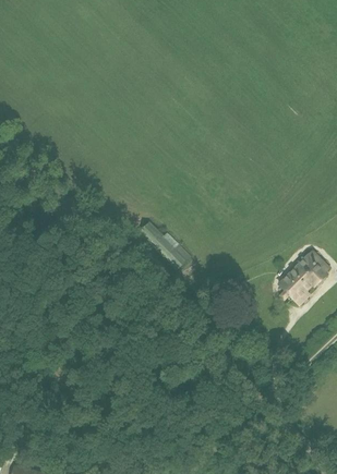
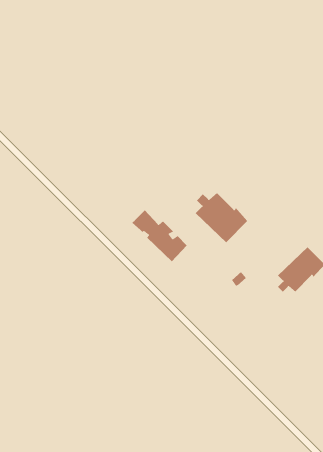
building: none -> [195,192,248,243]

